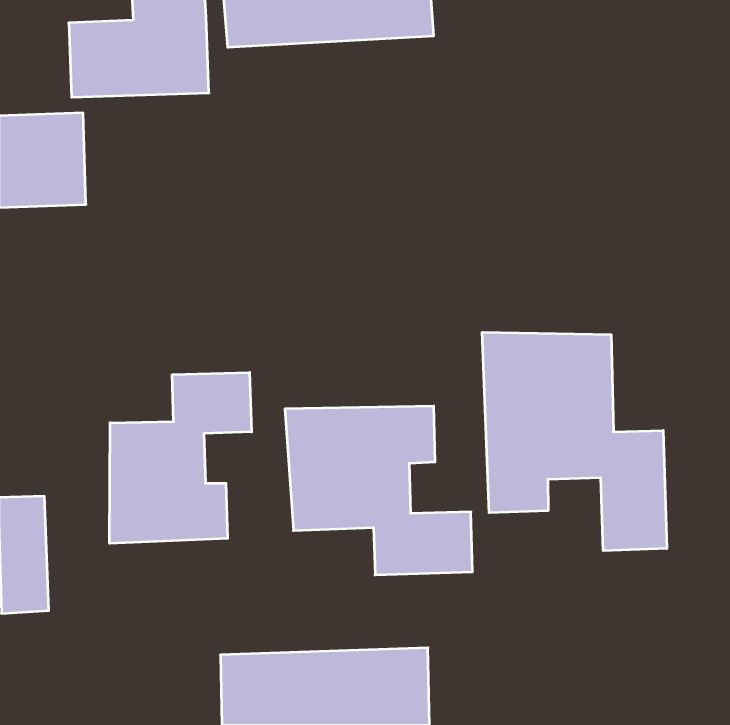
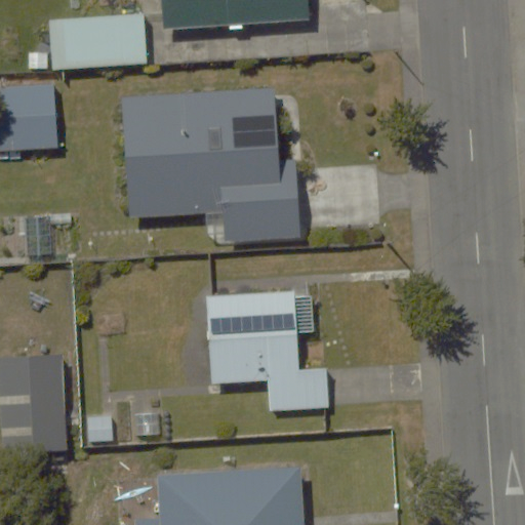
building: none -> [123,94,300,239]
building: [482,332,667,551] -> none
building: [110,372,252,543] -> none

